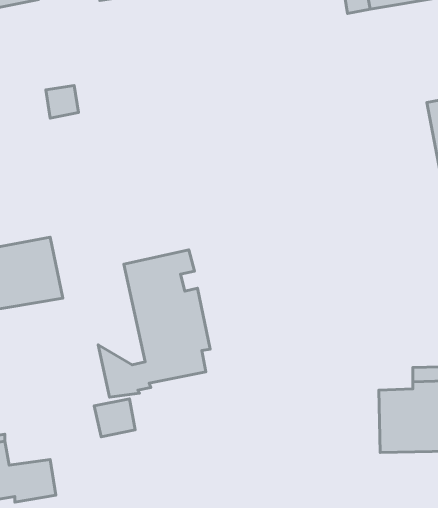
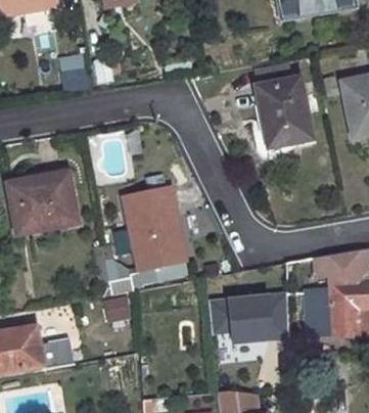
building: none -> [256,64,310,148]
building: none -> [207,293,286,342]

